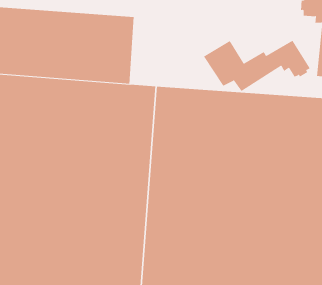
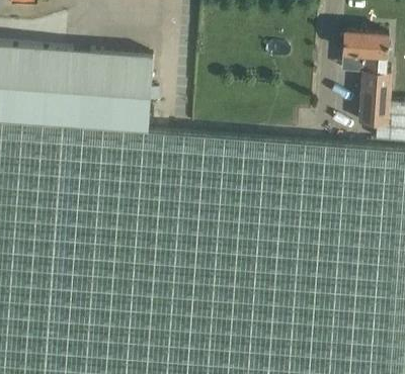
building: [203,40,310,92] -> none

